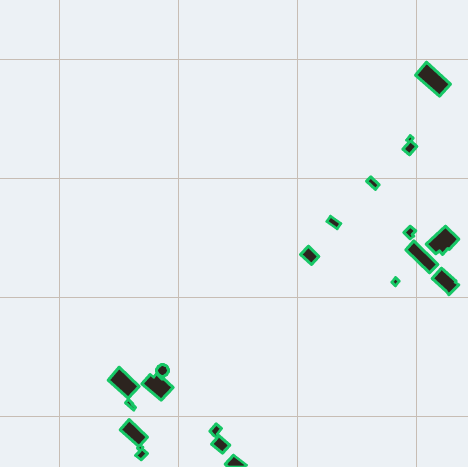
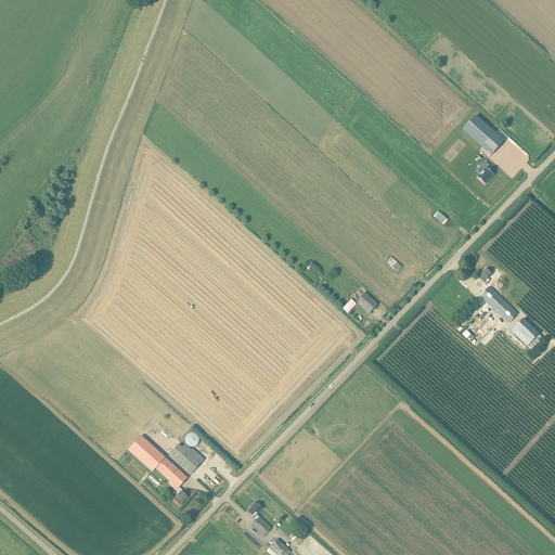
building: [416,62,450,96] -> [463,114,504,154]
building: [426,226,459,254] -> none
building: [120,420,148,460] -> [155,456,188,504]

